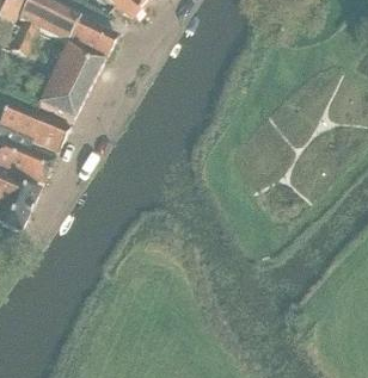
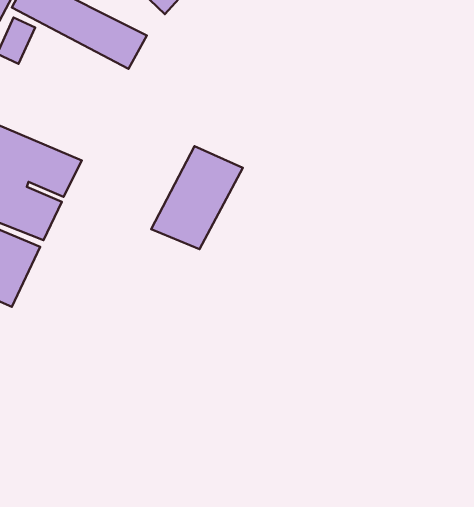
building: [38,44,104,118] -> [151,146,243,249]

